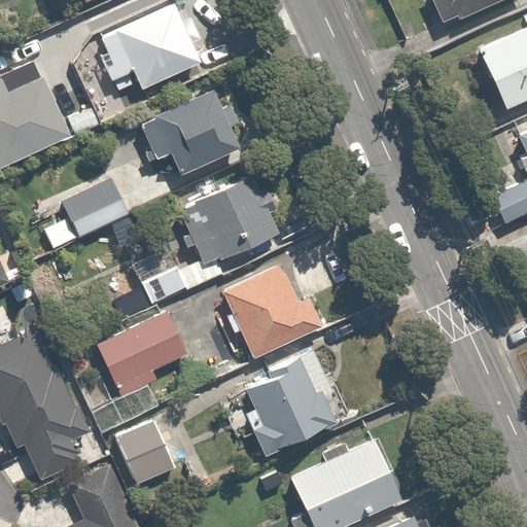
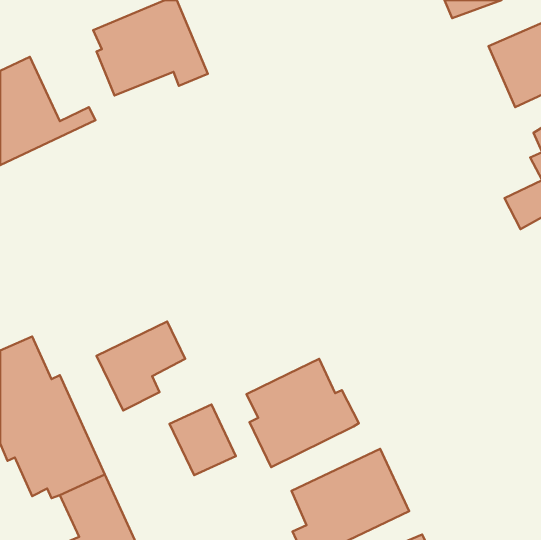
building: [133,86,244,175] -> none
building: [143,173,279,306] -> none
building: [61,178,128,239] -> none
building: [219,255,328,363] -> none
building: [113,420,177,488] -> [170,405,236,475]

